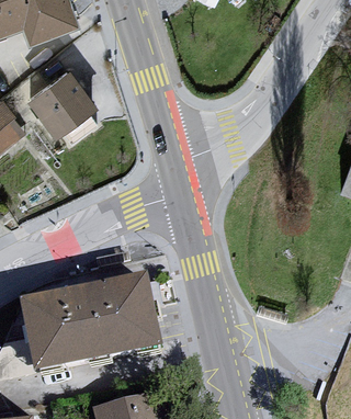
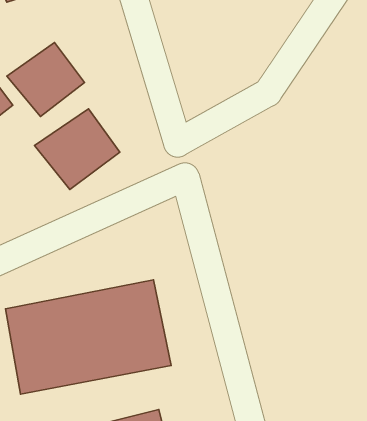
building: none -> [35,109,120,190]

